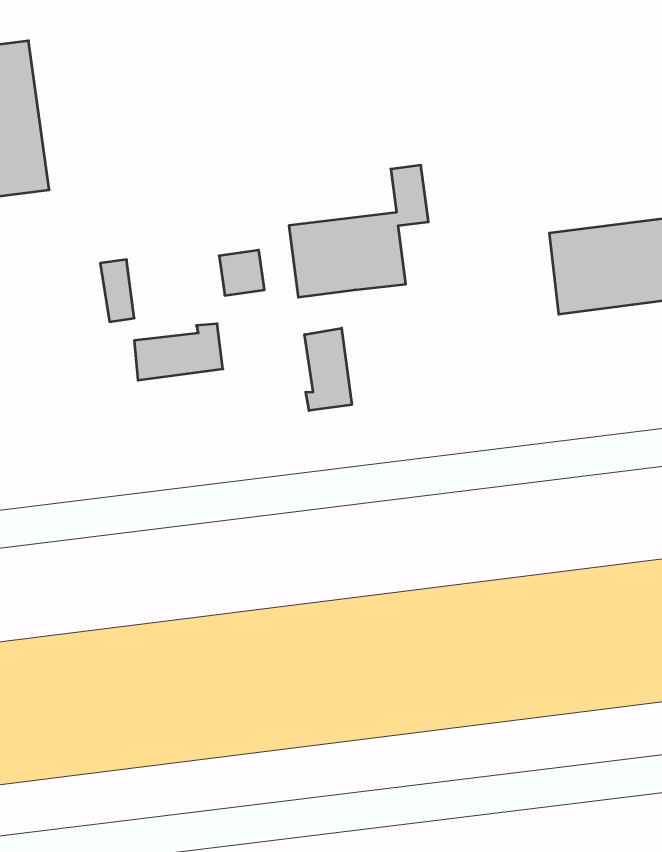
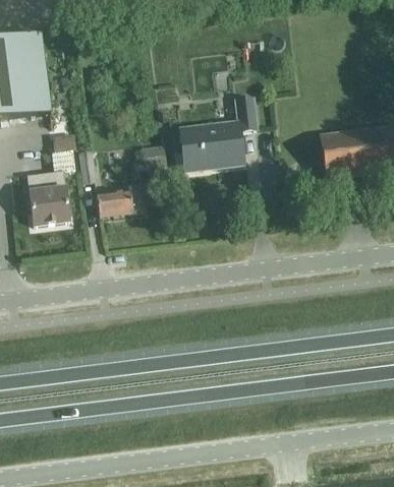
building: none -> [27,147,76,223]
building: [305,328,352,411] -> none

